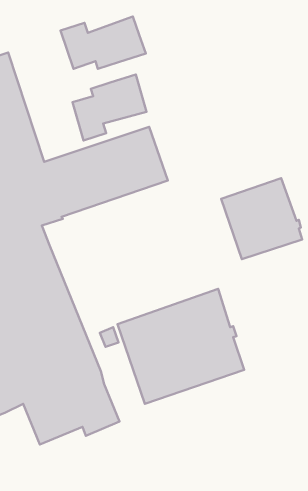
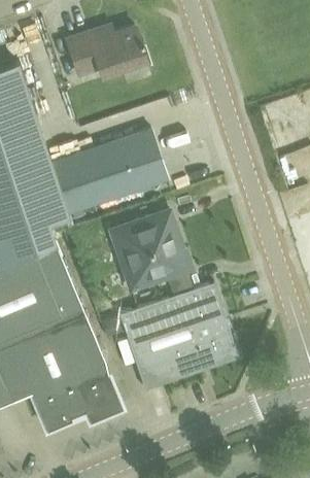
building: [72,74,146,140] -> none
building: [221,178,302,259] -> [112,212,188,288]

